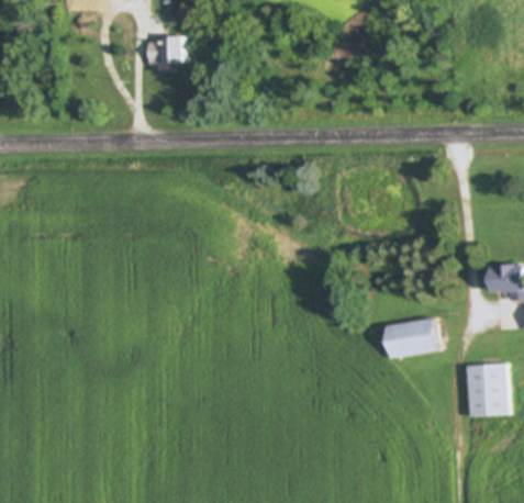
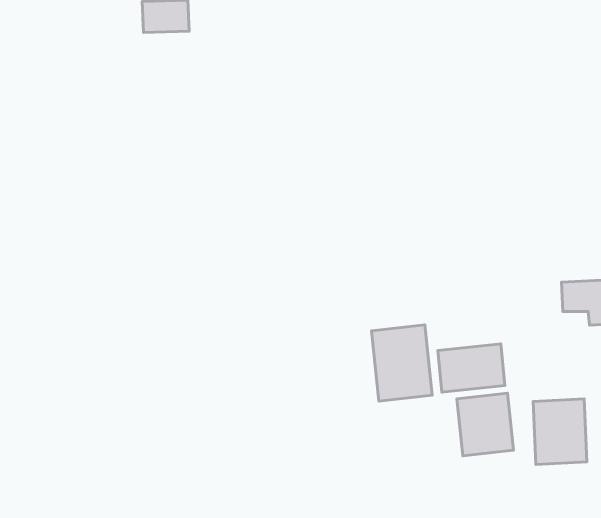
building: none -> [371,325,432,401]
building: none -> [457,393,514,456]

